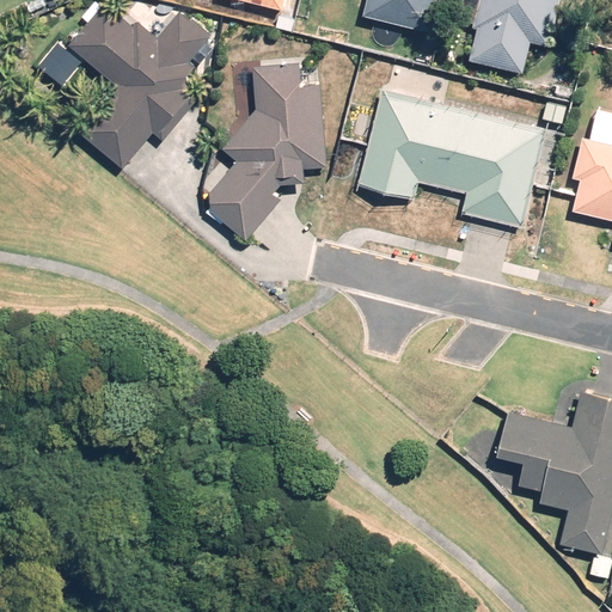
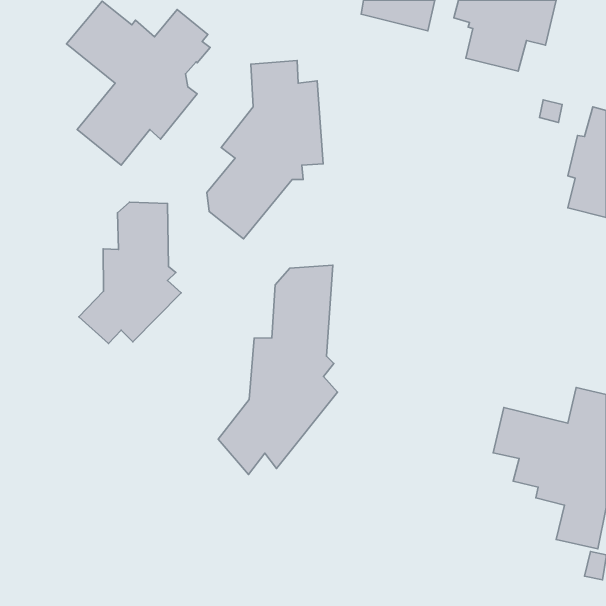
building: [359,90,545,225] -> none
building: none -> [79,202,181,344]
building: none -> [218,265,338,474]

